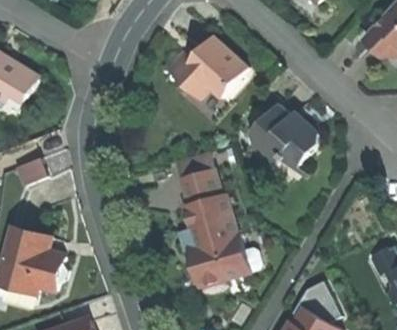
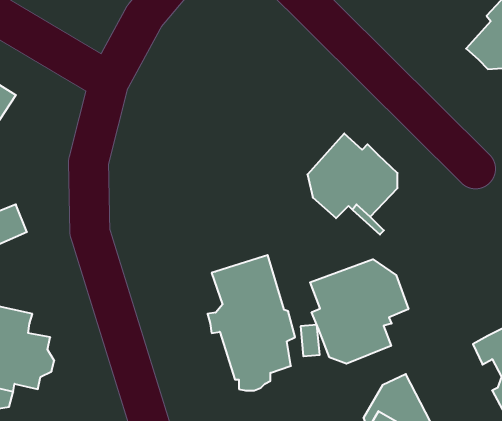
building: [162,34,244,98] -> none
building: [171,150,219,204] -> none
building: none -> [310,259,408,364]

